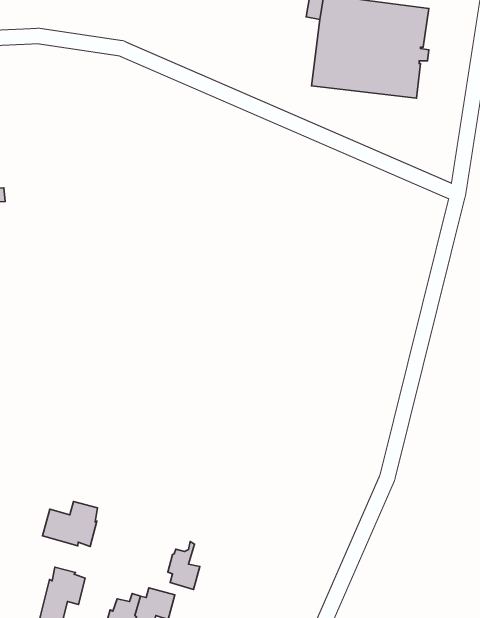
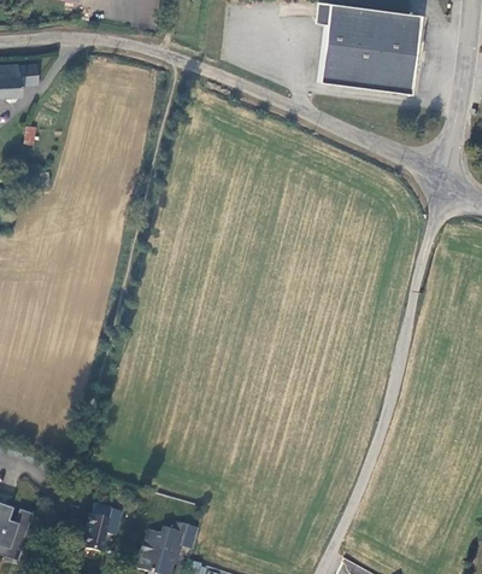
building: [42,501,98,546] -> none
building: [168,542,200,589] -> none

